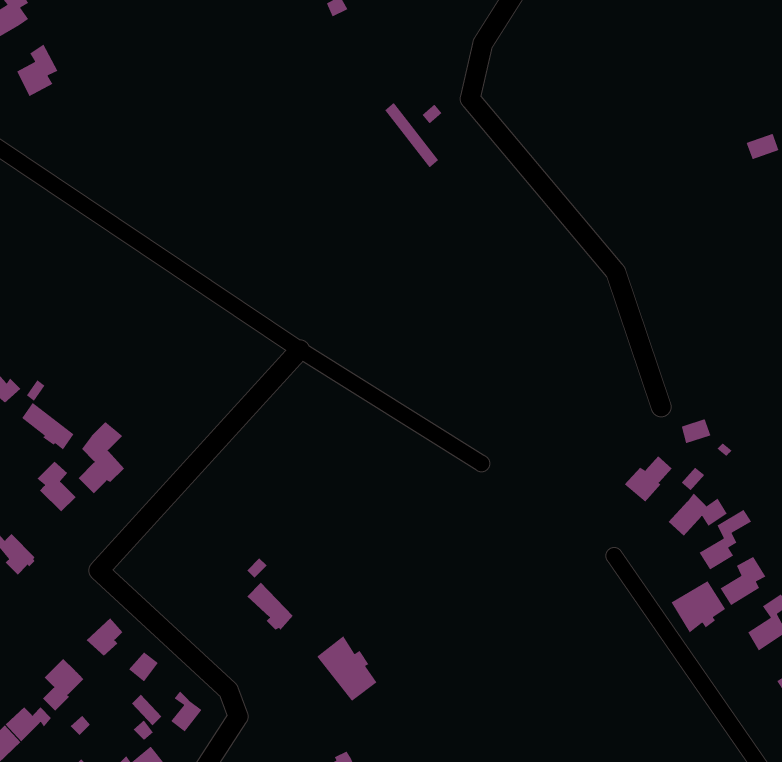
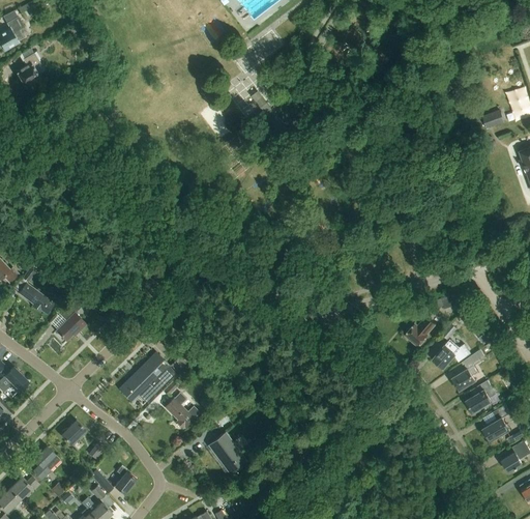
building: [37,461,77,512] -> none
building: none -> [126,355,175,396]
building: [670,580,726,633] -> none

